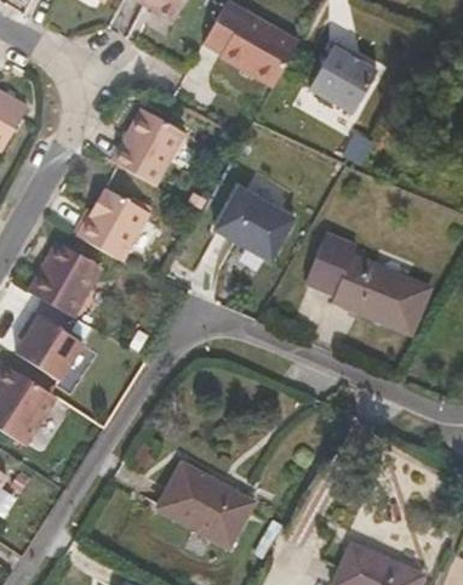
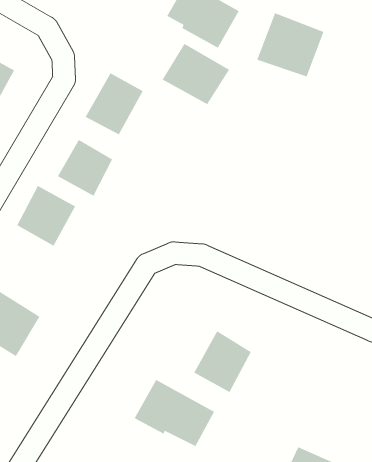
building: [208,178,290,252] -> [162,43,230,105]
building: [297,235,418,335] -> none
building: [17,312,84,381] -> none
building: none -> [193,330,252,393]

